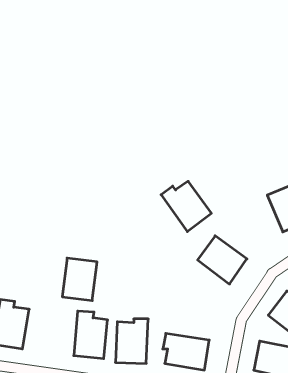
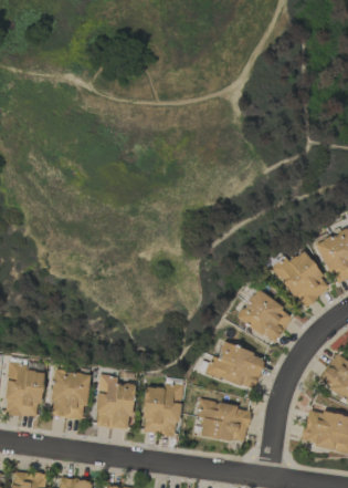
building: [161,181,211,232] -> [273,251,330,309]
building: [62,258,97,301] -> [50,371,89,419]
building: none -> [205,342,265,391]

